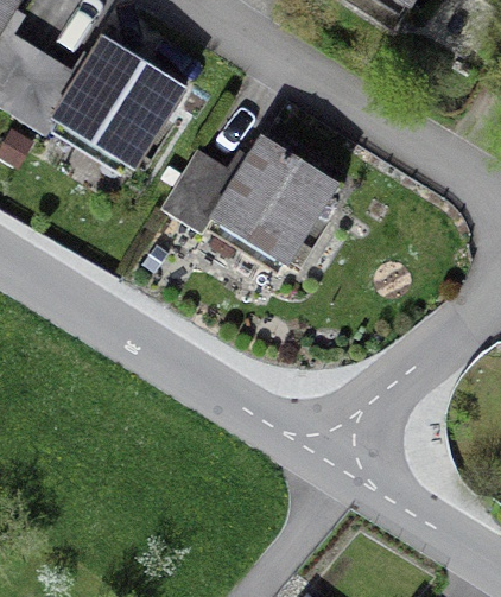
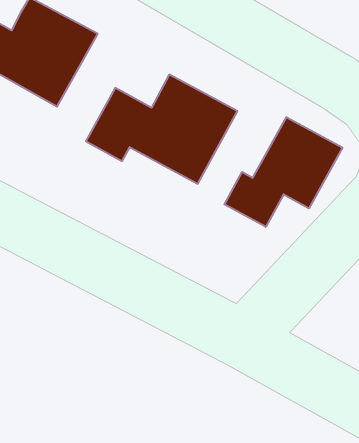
building: none -> [224,117,342,227]

